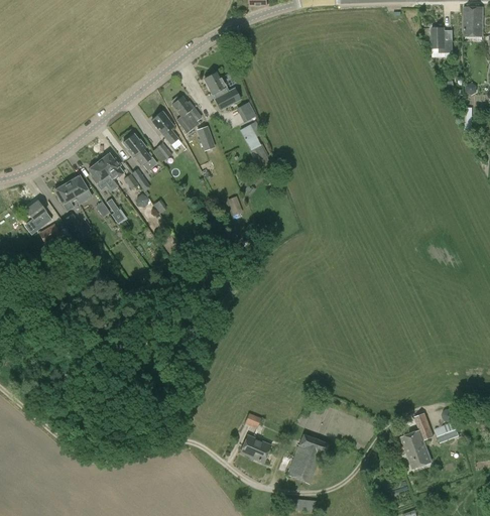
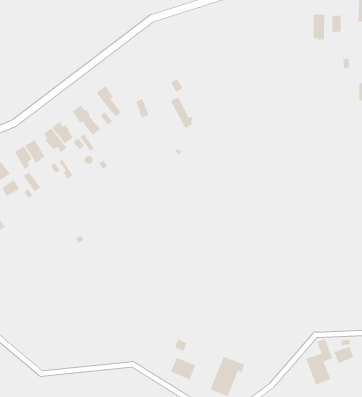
building: none -> [313,14,325,40]
building: [204,72,240,110] -> none
building: [171,96,199,133] -> none

